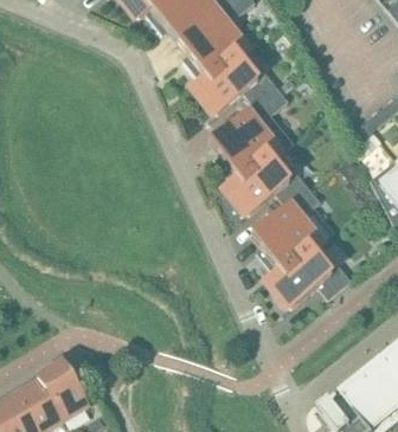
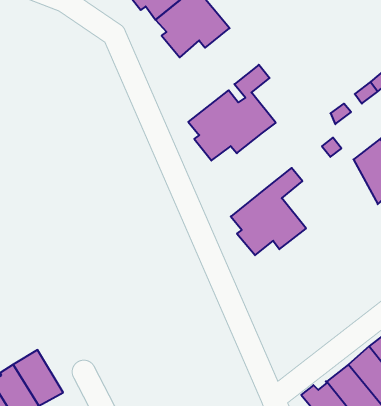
building: [193,49,276,110] -> none
building: [225,150,308,212] -> none
building: [267,244,349,304] -> none

